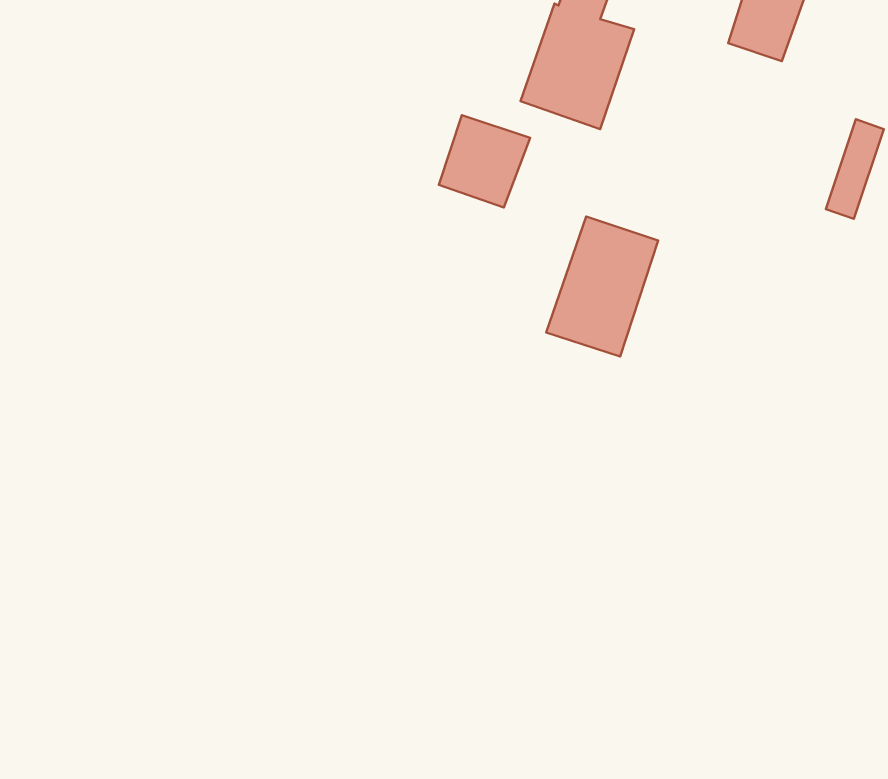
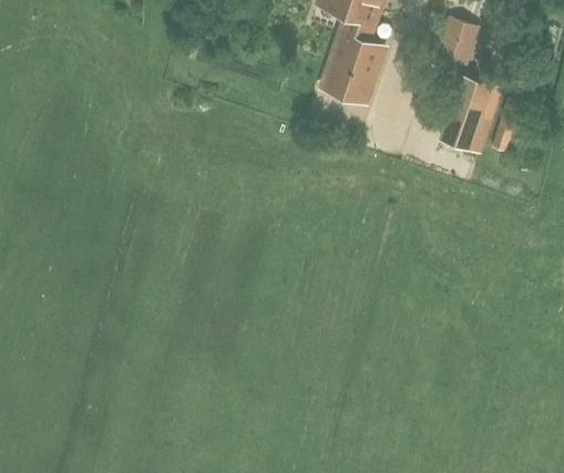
building: [439,115,530,207] -> none
building: [546,217,658,356] -> [441,76,503,154]

